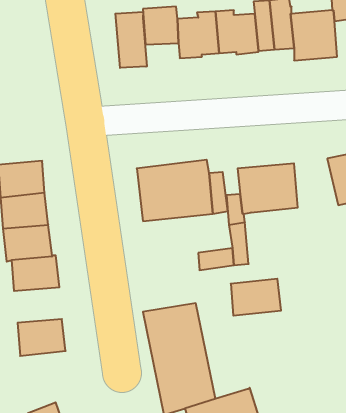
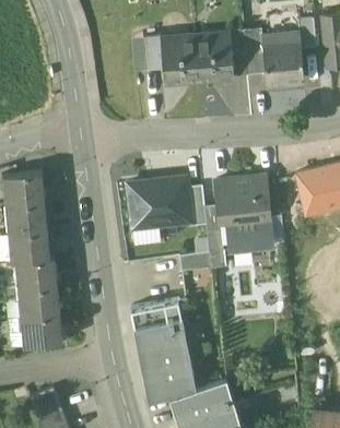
building: [115,12,147,68] -> none
building: [231,279,281,316] -> [227,215,272,248]
building: none -> [16,286,59,318]

